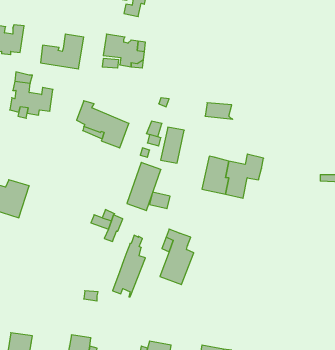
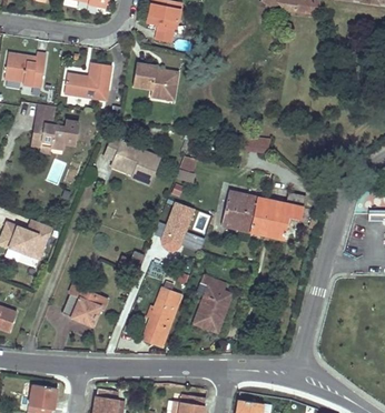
building: [161,127,184,163] -> [221,191,247,230]
building: none -> [62,285,107,325]

